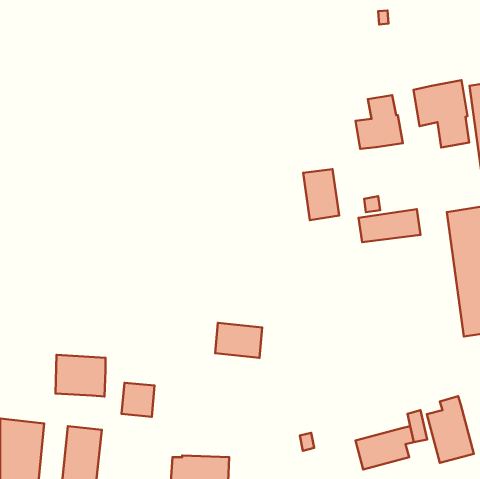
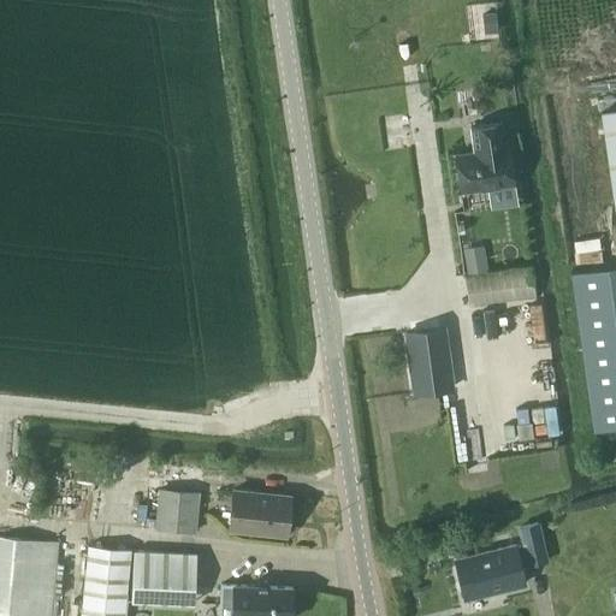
building: [414,80,469,147] -> none
building: [303,169,339,220] -> [408,331,454,396]
building: [215,323,262,358] -> [231,493,291,538]
building: [55,355,105,396] -> [134,553,197,606]
building: [427,396,474,463] -> none

